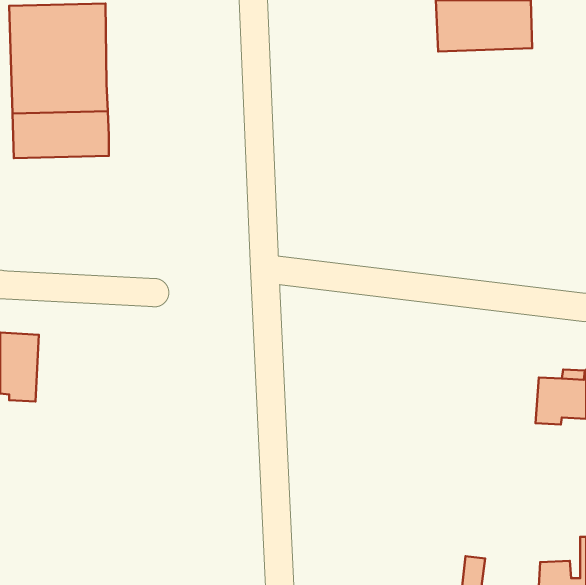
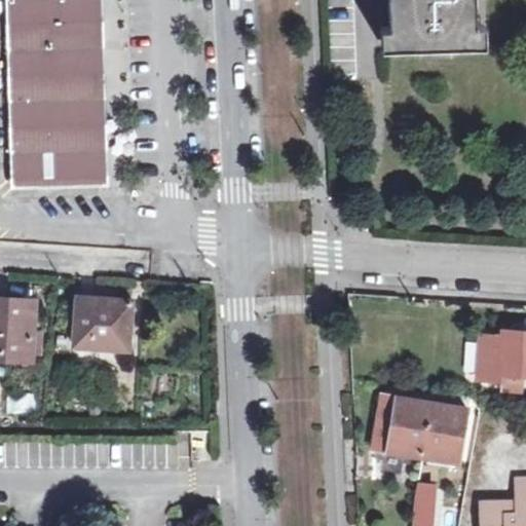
building: none -> [12,141,99,179]
building: none -> [76,298,134,350]
building: none -> [373,394,471,462]

